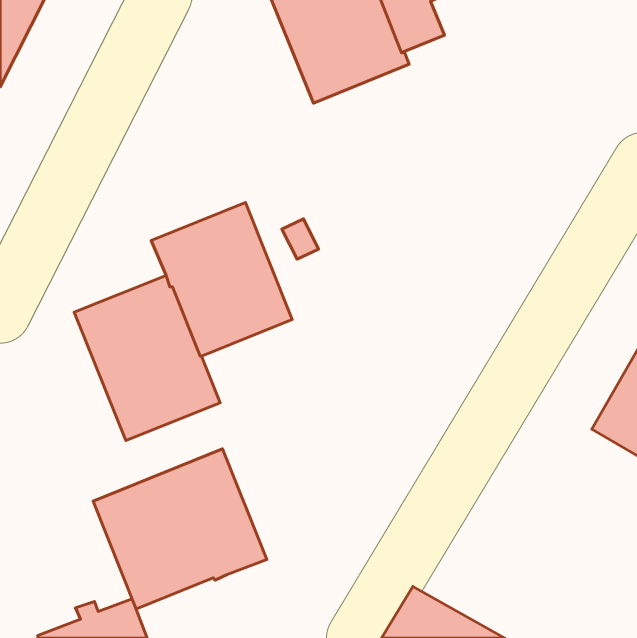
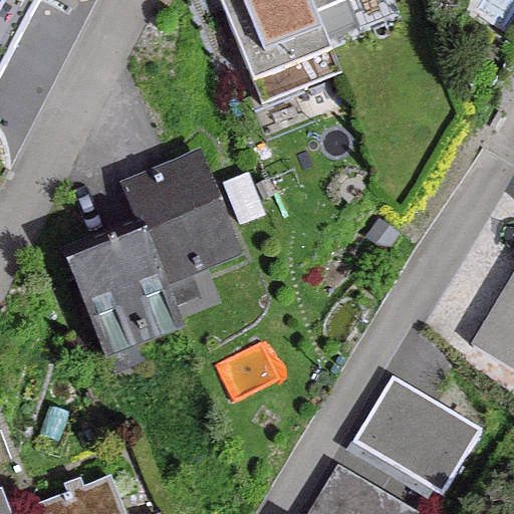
building: [93,449,267,609] -> none
building: none -> [358,382,483,497]

